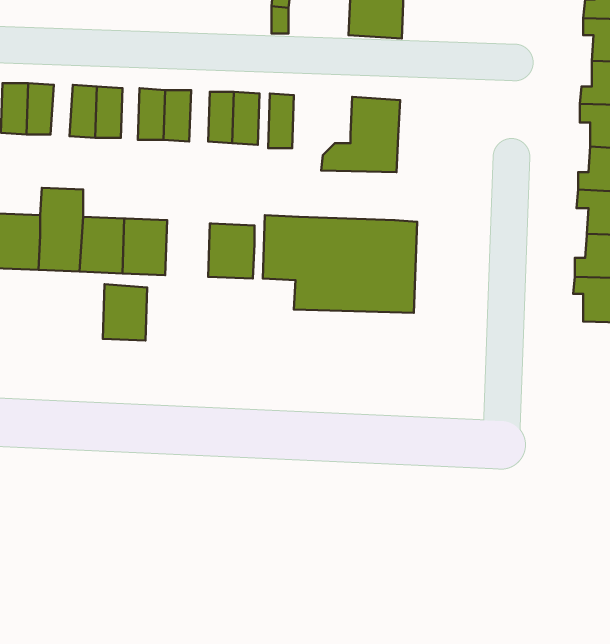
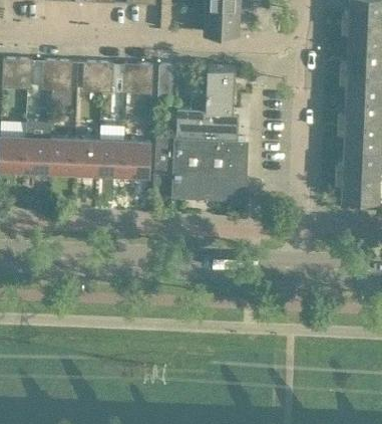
building: none -> [177,112,235,142]
building: [103,284,147,341] -> [99,142,125,175]

